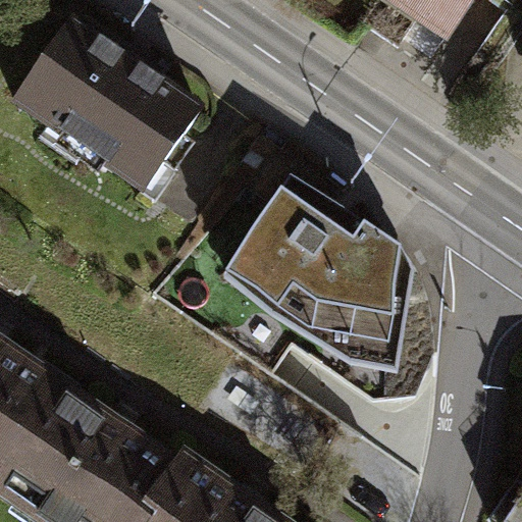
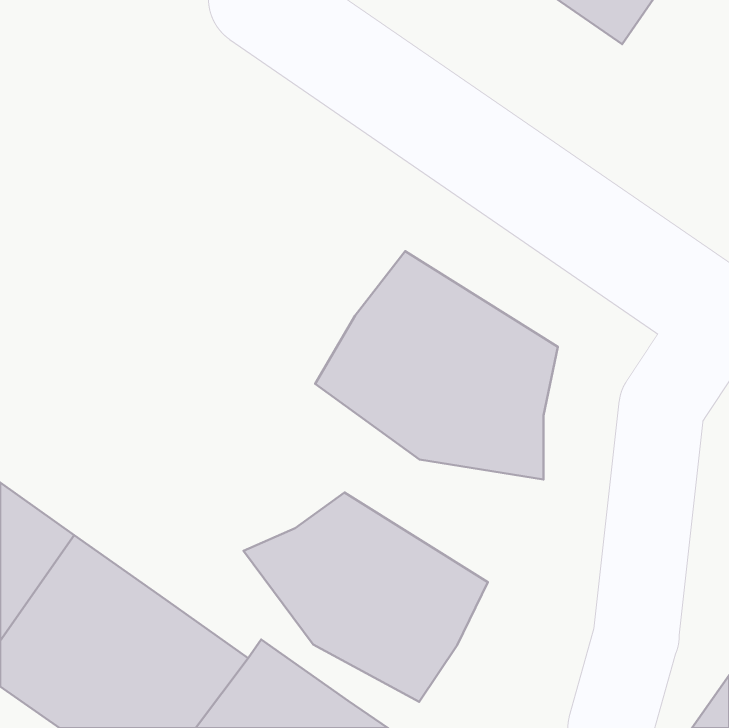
building: [15,24,197,192] -> none
building: none -> [243,492,488,702]

